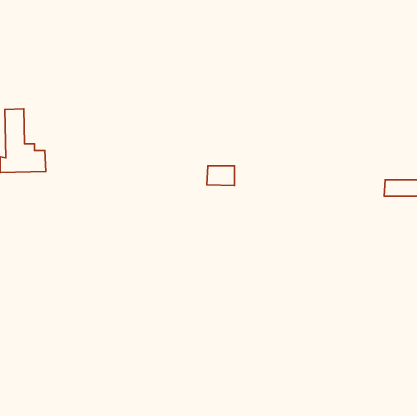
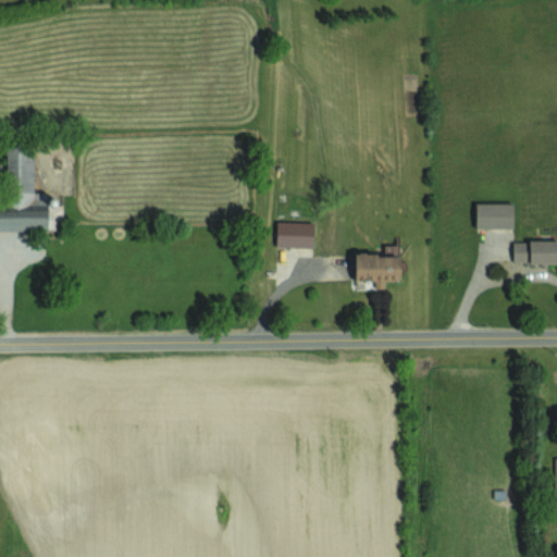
building: none -> [475,205,513,230]
building: none -> [355,257,404,285]

